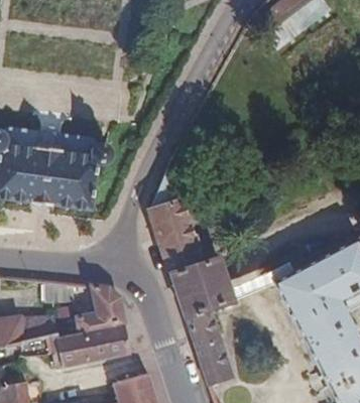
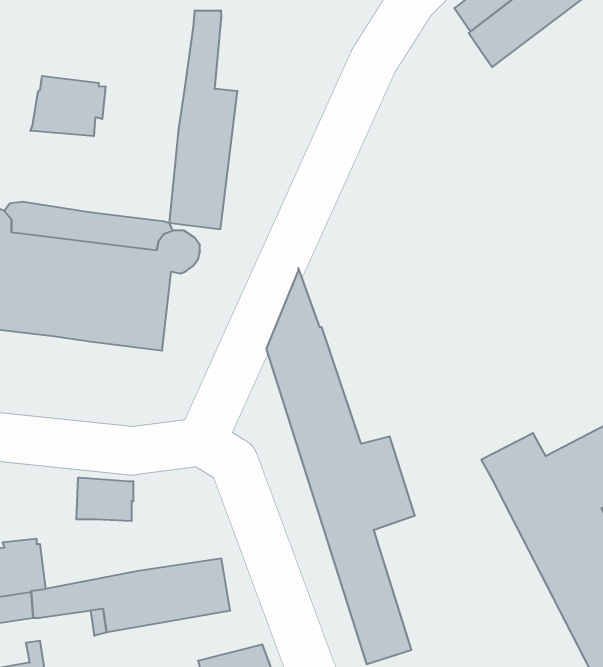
building: none -> [169,10,237,229]
building: none -> [30,76,105,136]
building: [77,284,126,333] -> none
building: [24,314,58,344] -> none

